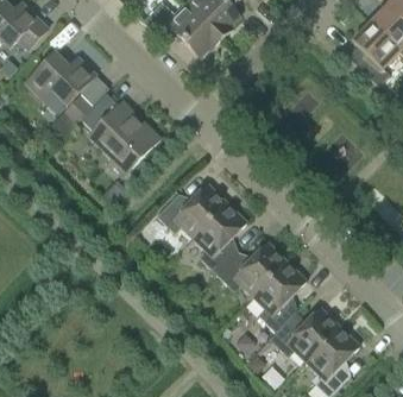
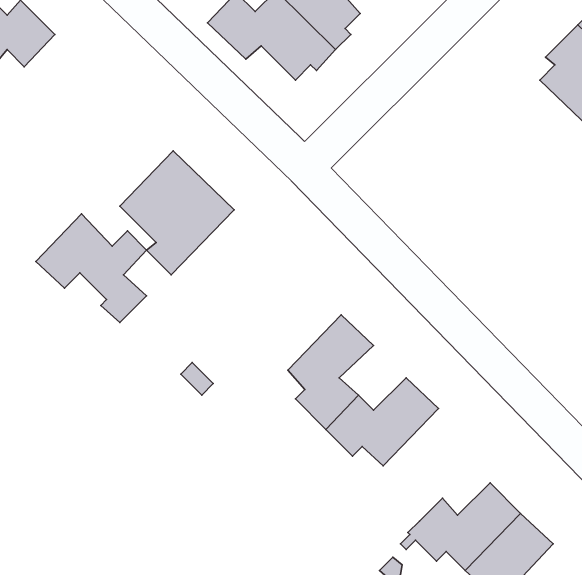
building: [25,52,94,120] -> [36,214,146,323]
building: [157,183,226,238] -> none
building: [252,261,306,332] -> none

